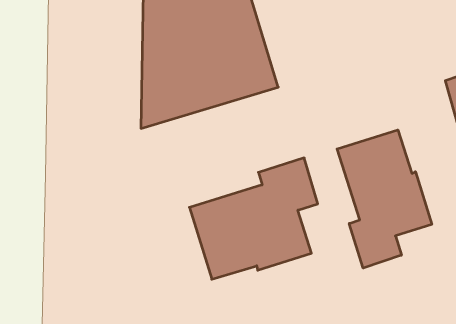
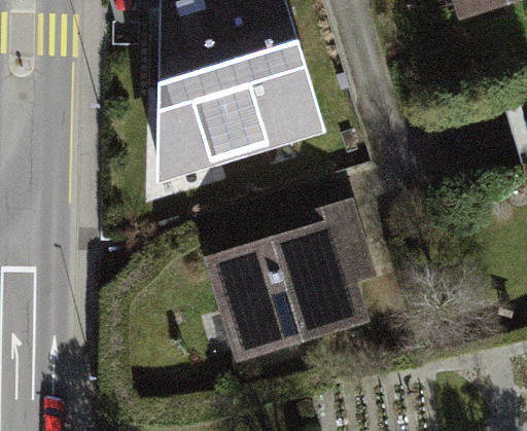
building: [337,130,432,268] -> none

